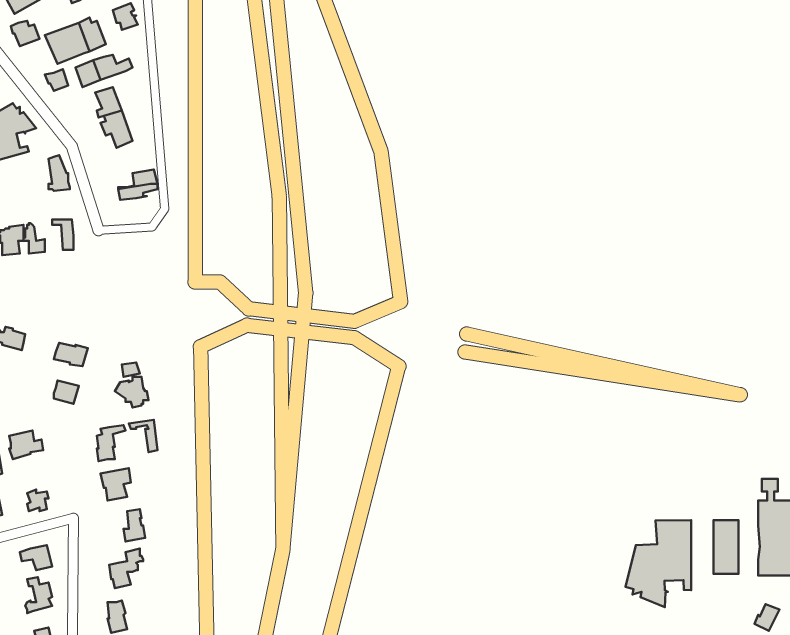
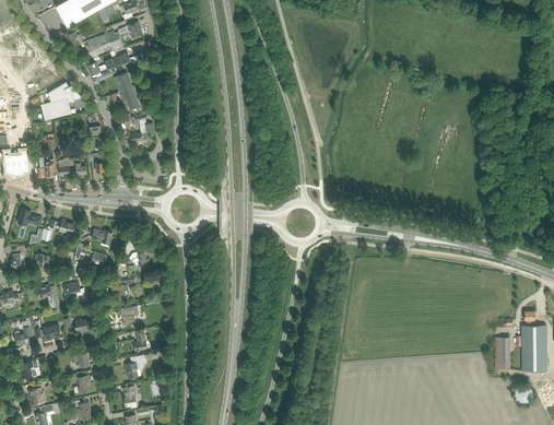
building: [626,520,691,607] -> none

